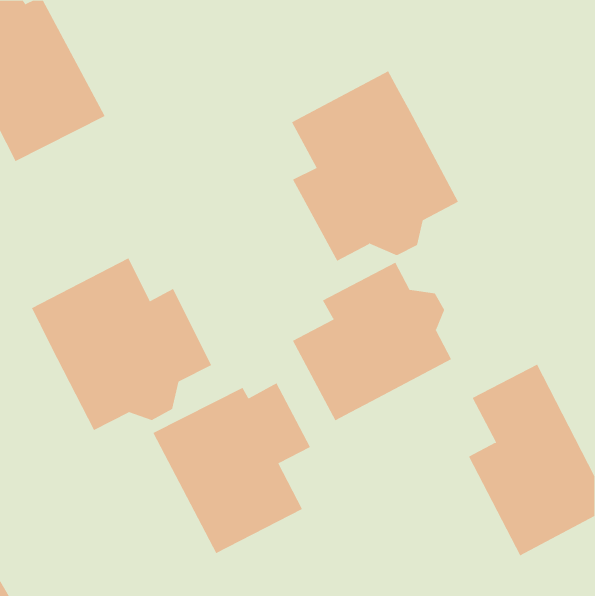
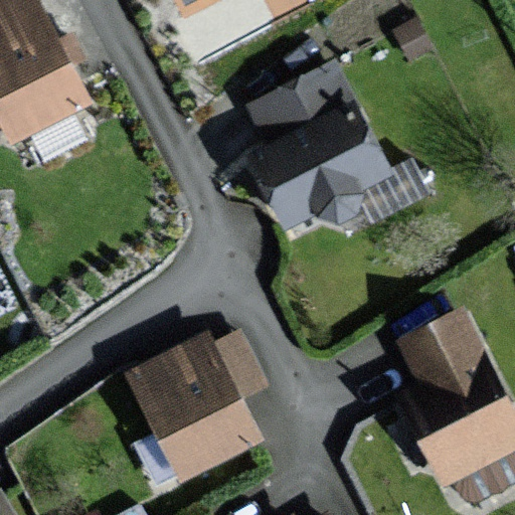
building: [31,258,212,431] -> none
building: [292,262,452,421] -> none

